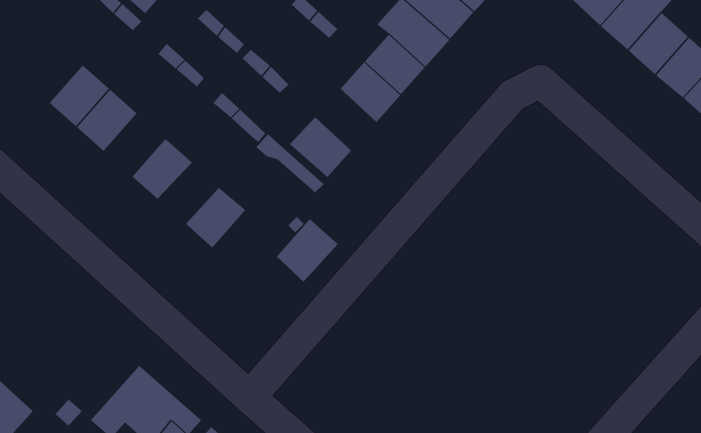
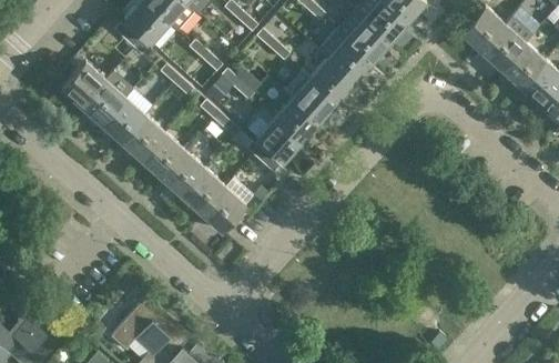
building: none -> [61,61,105,107]
building: none -> [274,97,318,141]
building: none -> [121,114,165,160]
building: none -> [160,150,204,194]
building: [276,218,339,283] -> [200,184,245,231]

